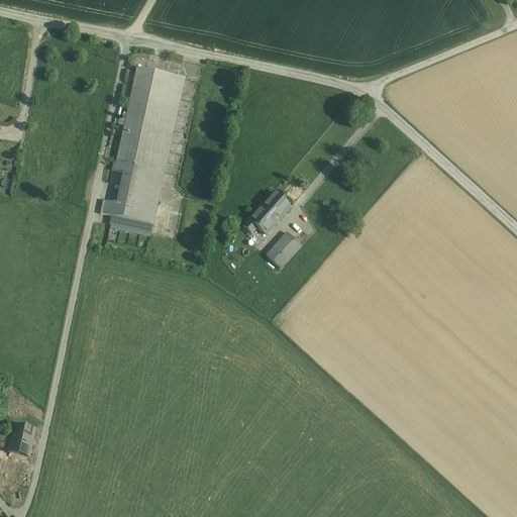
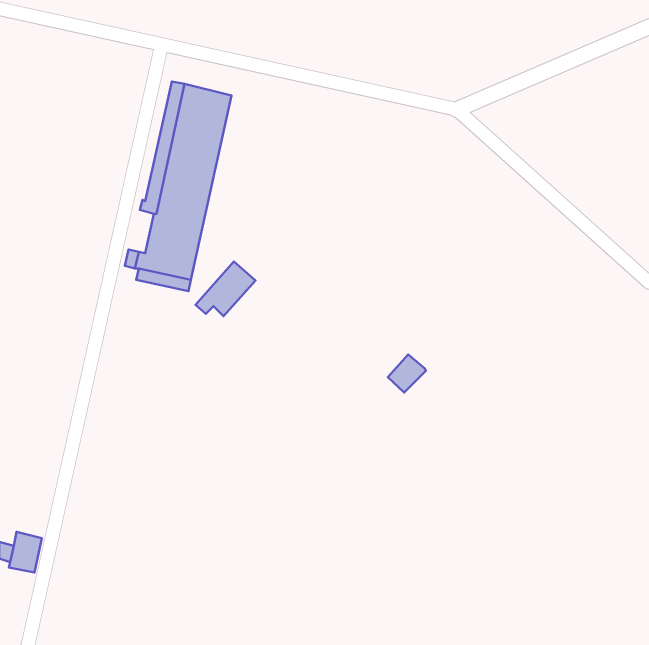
building: [244,190,292,233] -> [196,262,255,316]
building: [268,236,298,267] -> [388,354,426,393]

